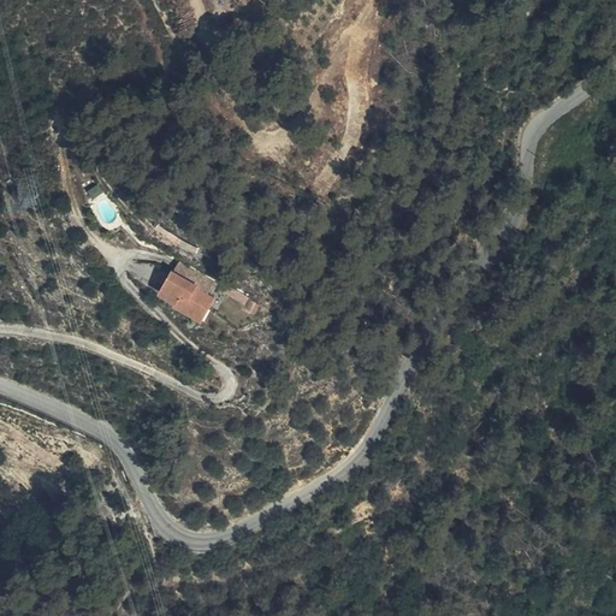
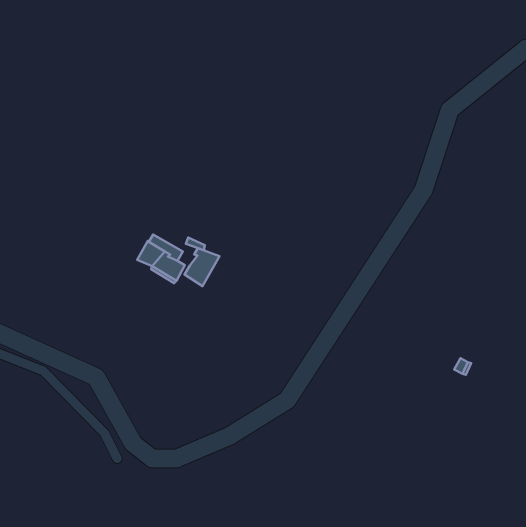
building: none -> [185,248,219,286]

